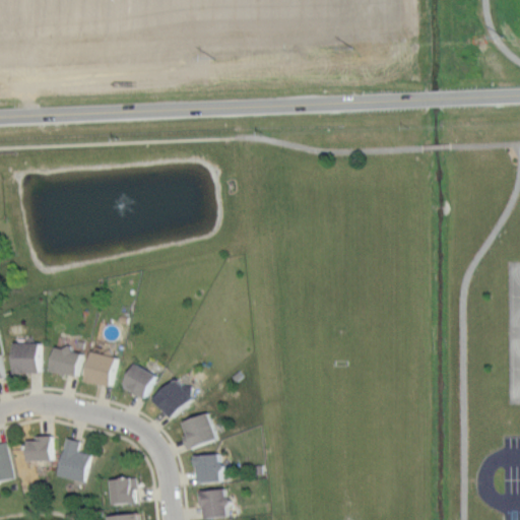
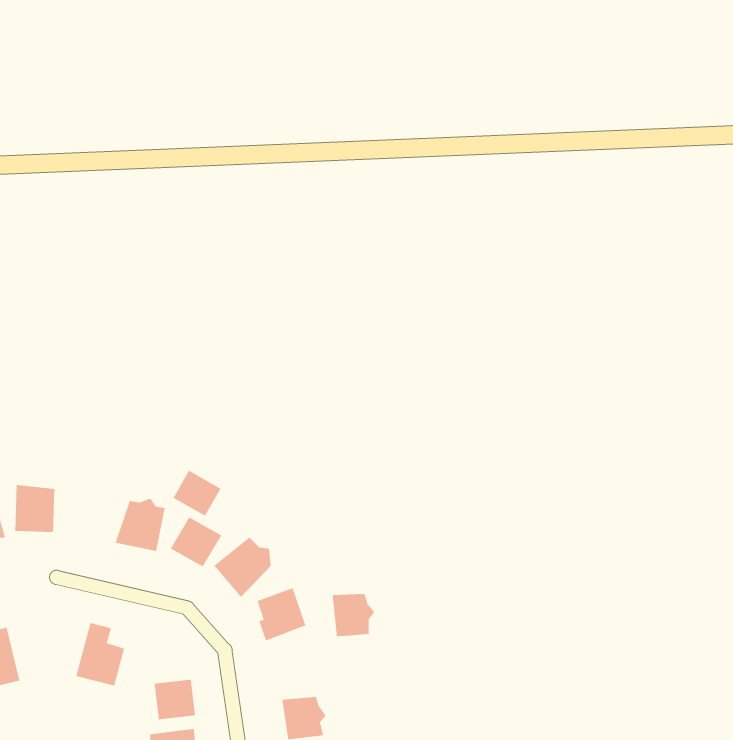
building: none -> [173,470,221,517]
building: [46,344,82,378] -> none
building: [23,436,53,462] -> none
building: [192,453,222,483] -> [332,593,375,637]

